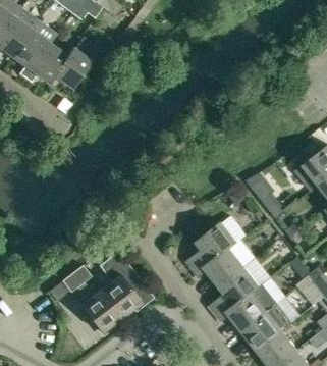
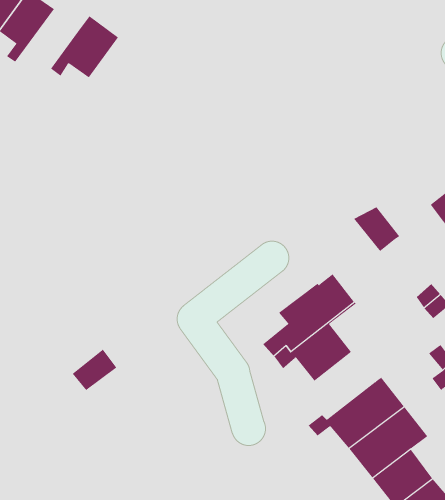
building: [24,44,66,83] -> none
building: [80,251,153,333] -> none
building: [209,267,259,315] -> none

